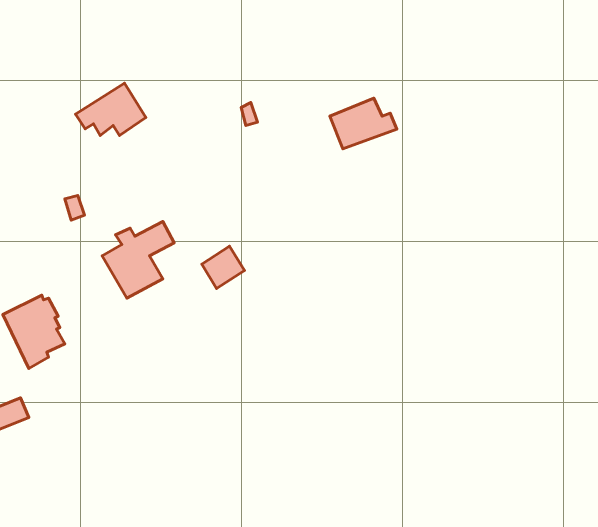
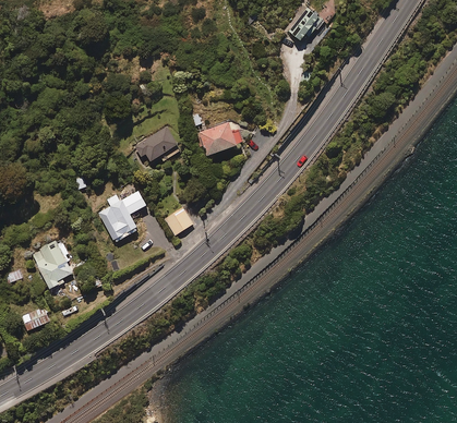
building: [76,83,146,135] -> [134,126,181,161]
building: [330,98,397,149] -> [199,121,243,155]

